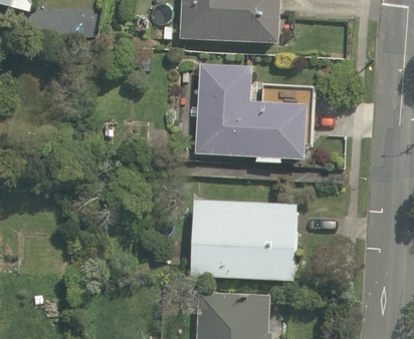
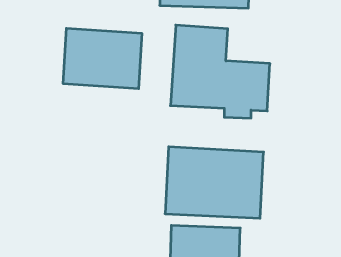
building: none -> [63,28,142,89]

